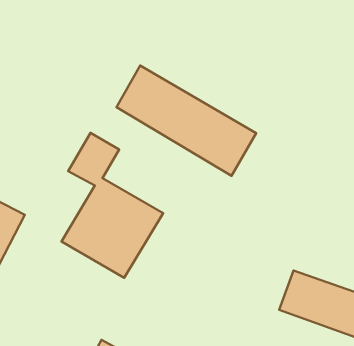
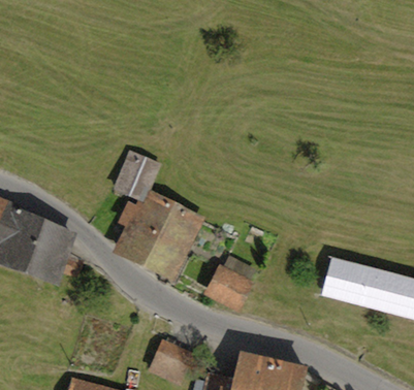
building: [117,66,256,176] -> none
building: none -> [205,266,252,311]

